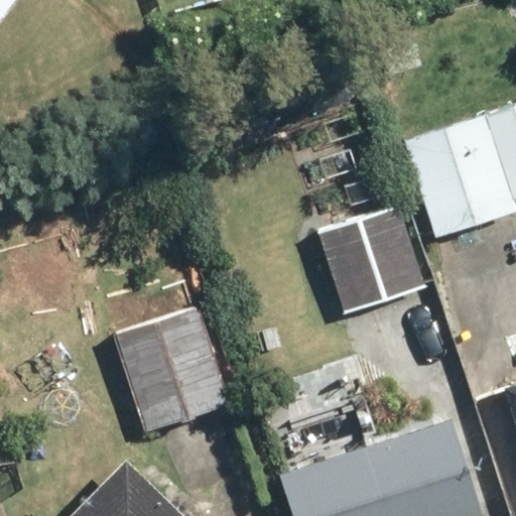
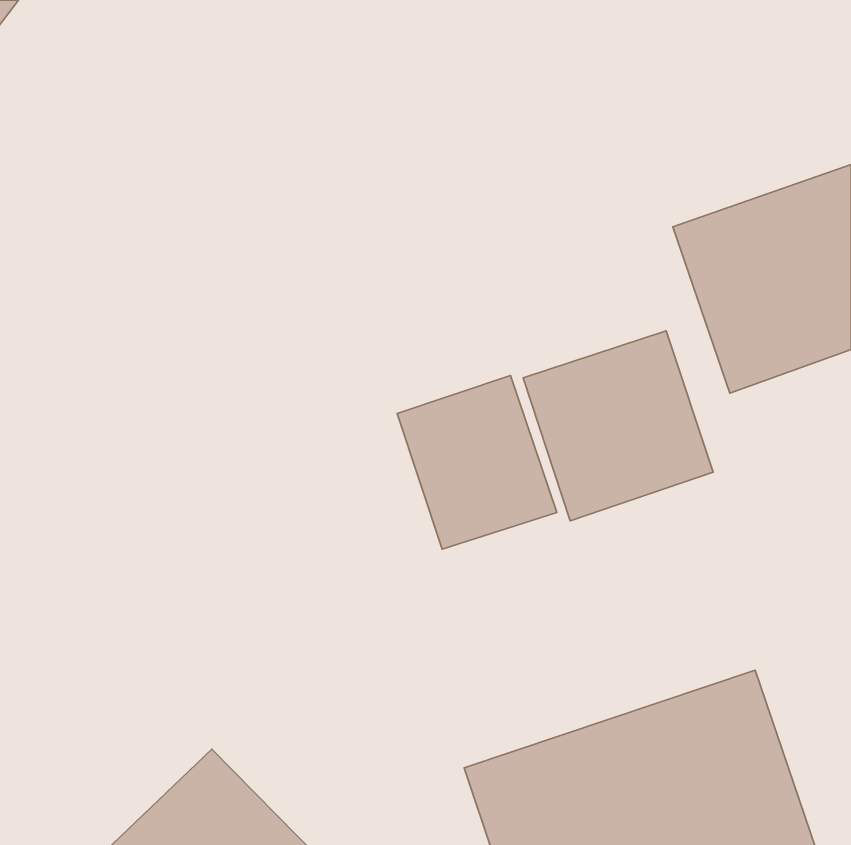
building: none -> [397,375,557,549]
building: [112,303,235,437] -> none

